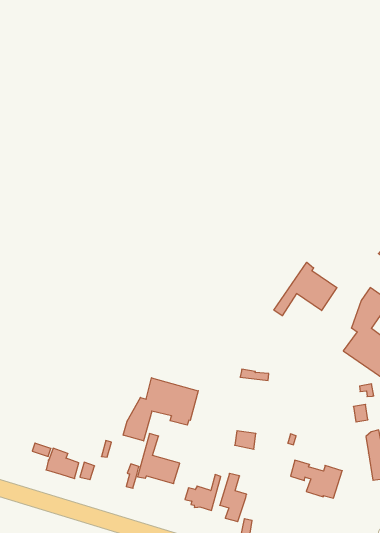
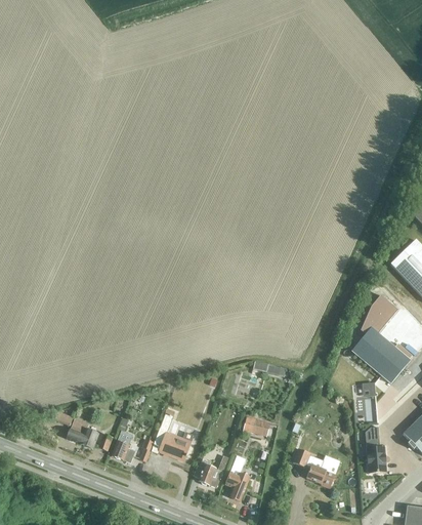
building: [274,262,337,316] -> none
building: [123,378,198,441] -> none
building: none -> [112,432,135,462]

